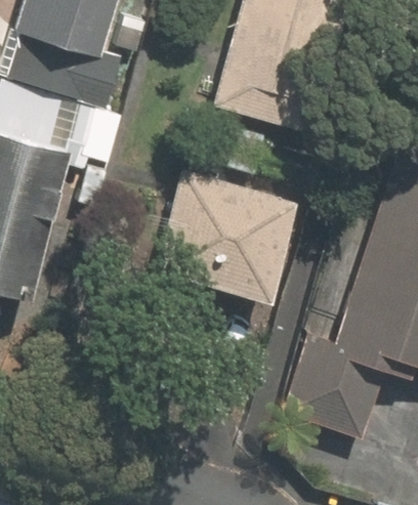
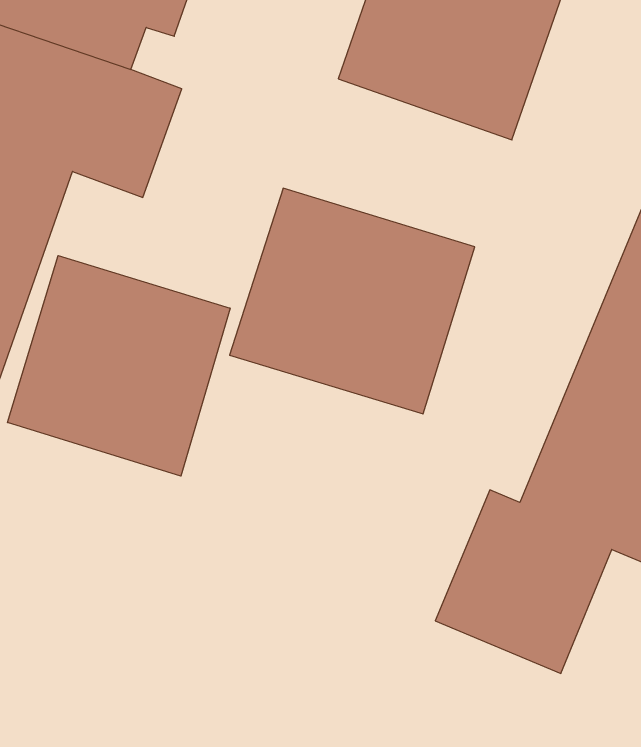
building: none -> [8,256,230,476]

